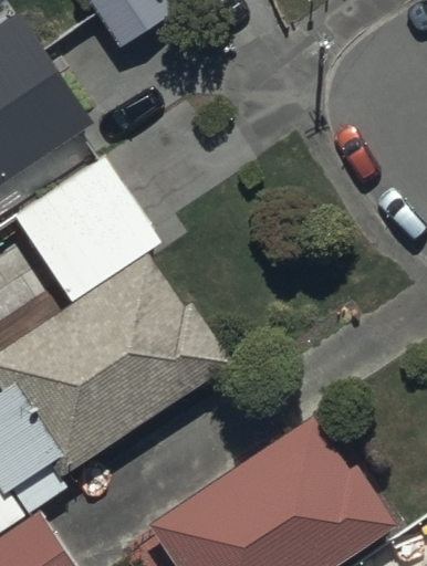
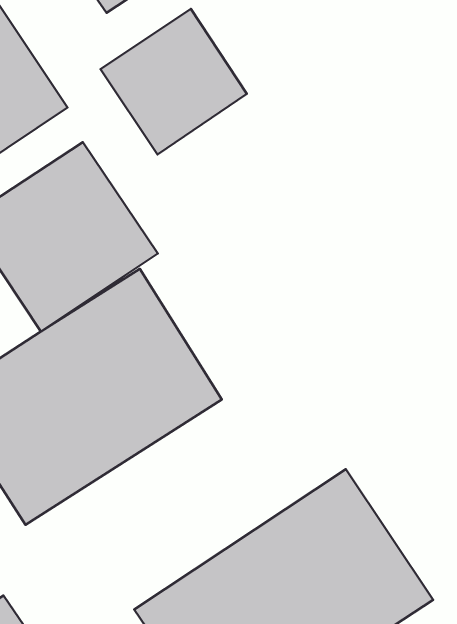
building: none -> [101,9,247,155]

